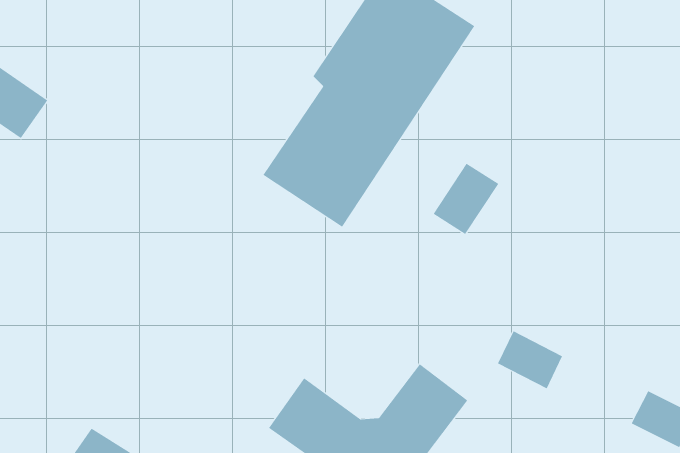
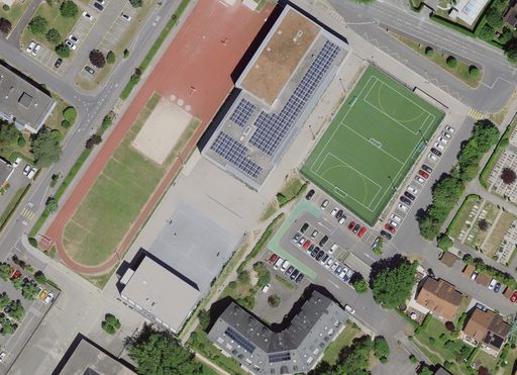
building: [433,163,499,235] -> none
building: none -> [118,254,202,330]
building: [497,330,563,389] -> [416,276,462,317]

